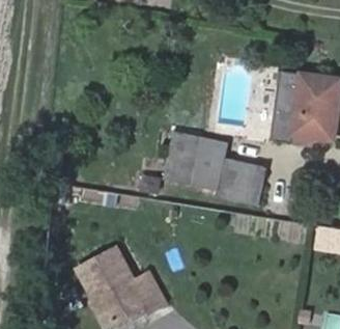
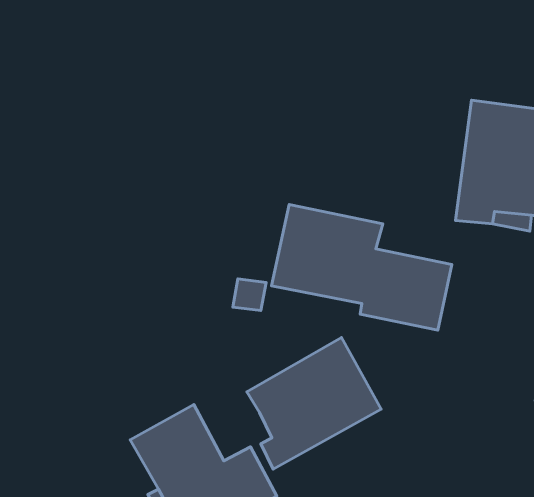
building: none -> [247,338,381,469]

